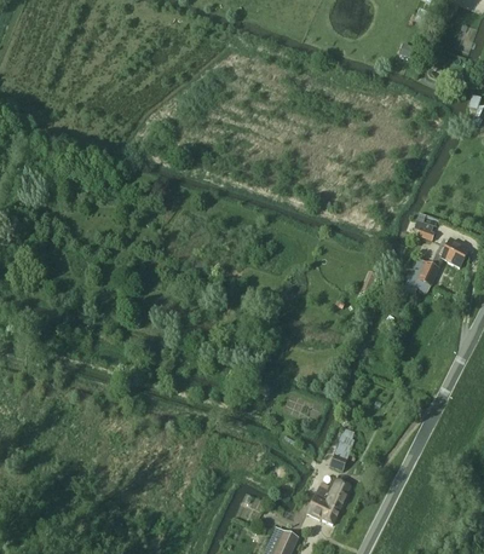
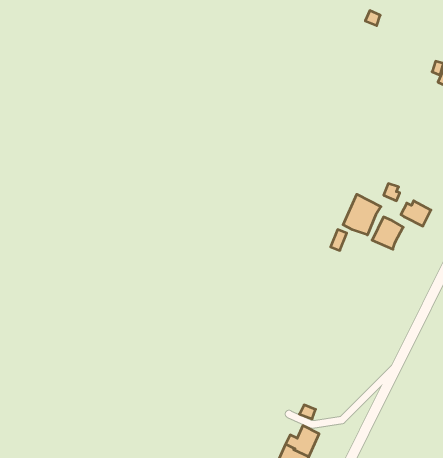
building: none -> [343,194,381,235]

